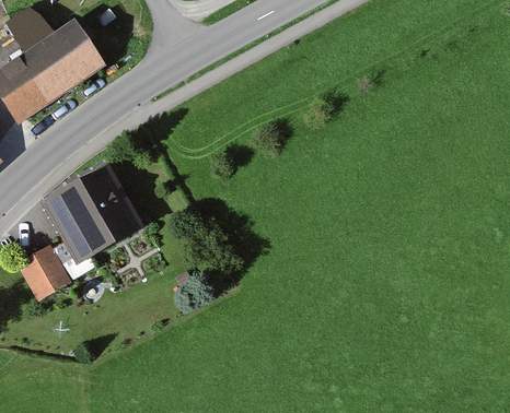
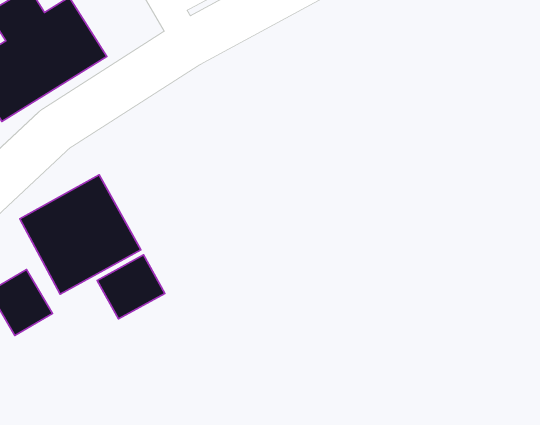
building: none -> [97,255,165,319]

